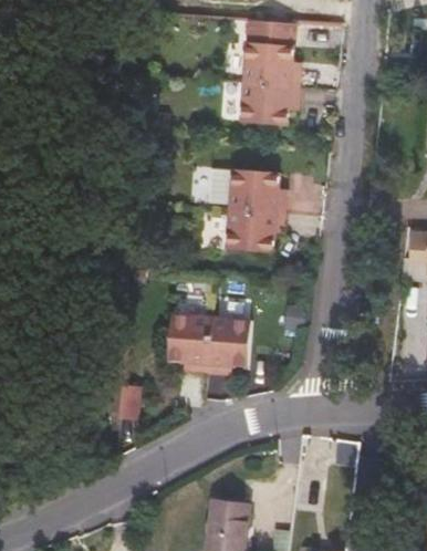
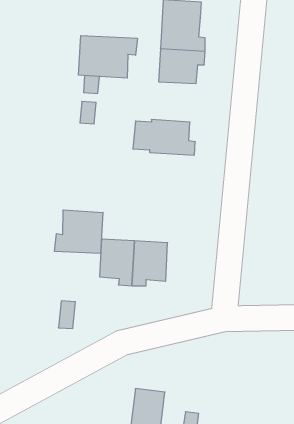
building: none -> [79,36,137,78]
building: [227,208,284,252] -> none
building: none -> [55,210,103,254]

